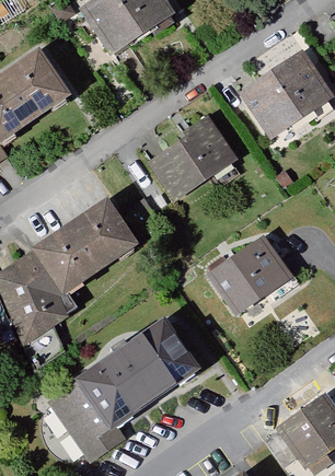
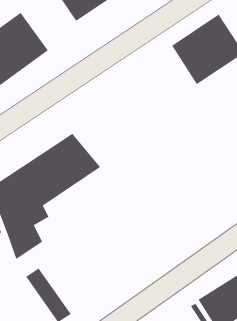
building: [141,111,238,204] -> none
building: [208,235,292,315] -> none
building: [81,322,206,431] -> none

